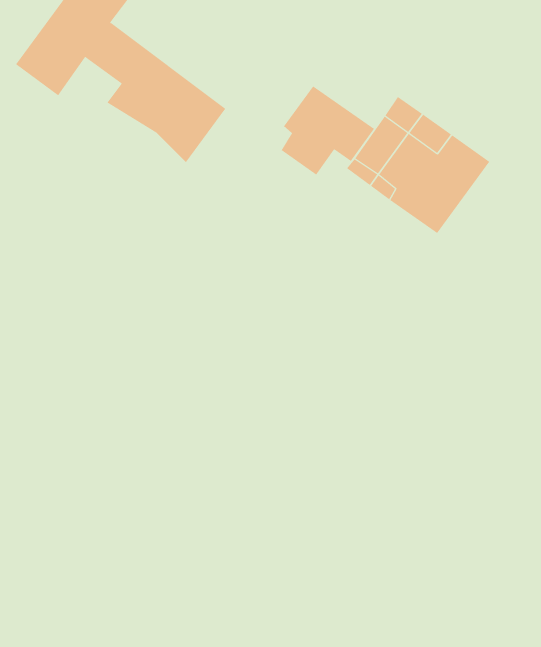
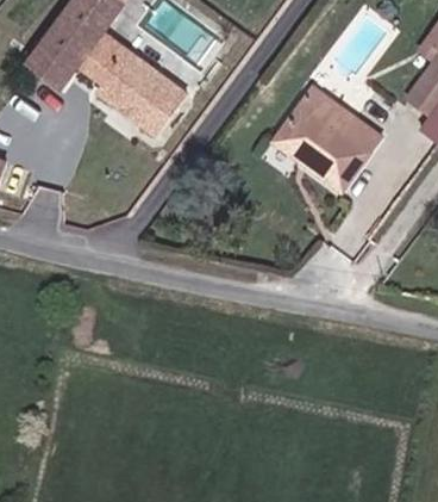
building: [281,85,375,175] -> none

